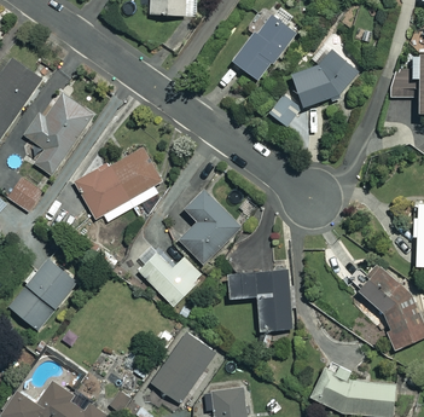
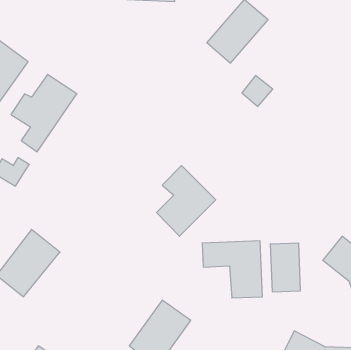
building: [292,52,358,108] -> none
building: [74,145,163,224] -> none
building: [139,250,204,305] -> none
building: none -> [271,243,300,292]

